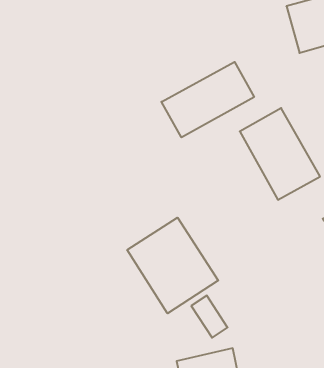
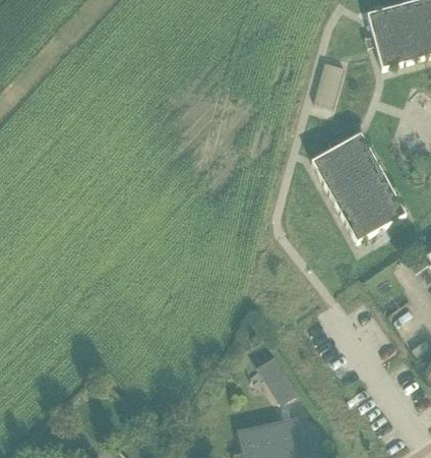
building: [161,62,254,137] -> none
building: [127,218,218,313] -> none

